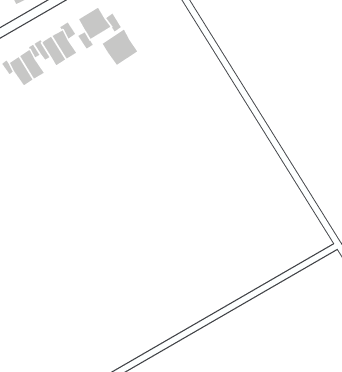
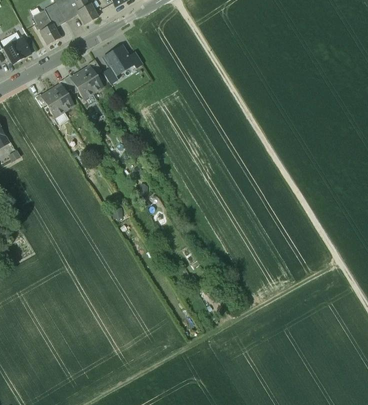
building: [101,28,138,66] -> none

